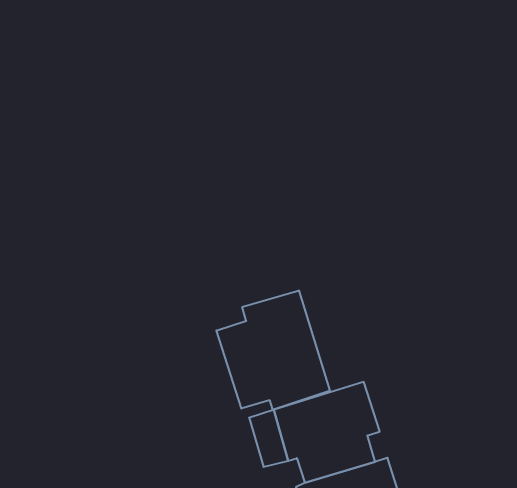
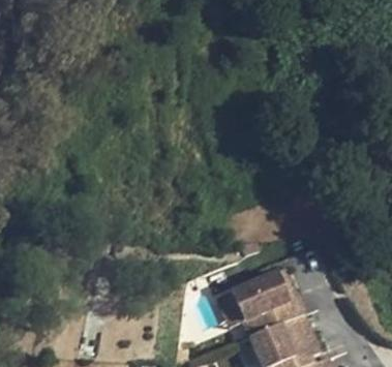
building: [216,290,330,410] -> none

